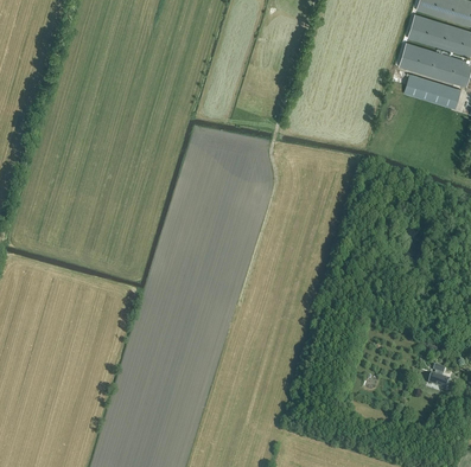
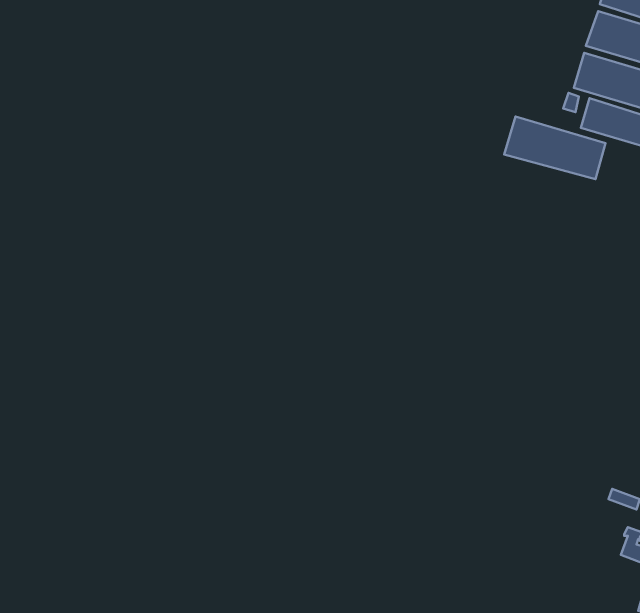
building: none -> [504,116,606,179]

